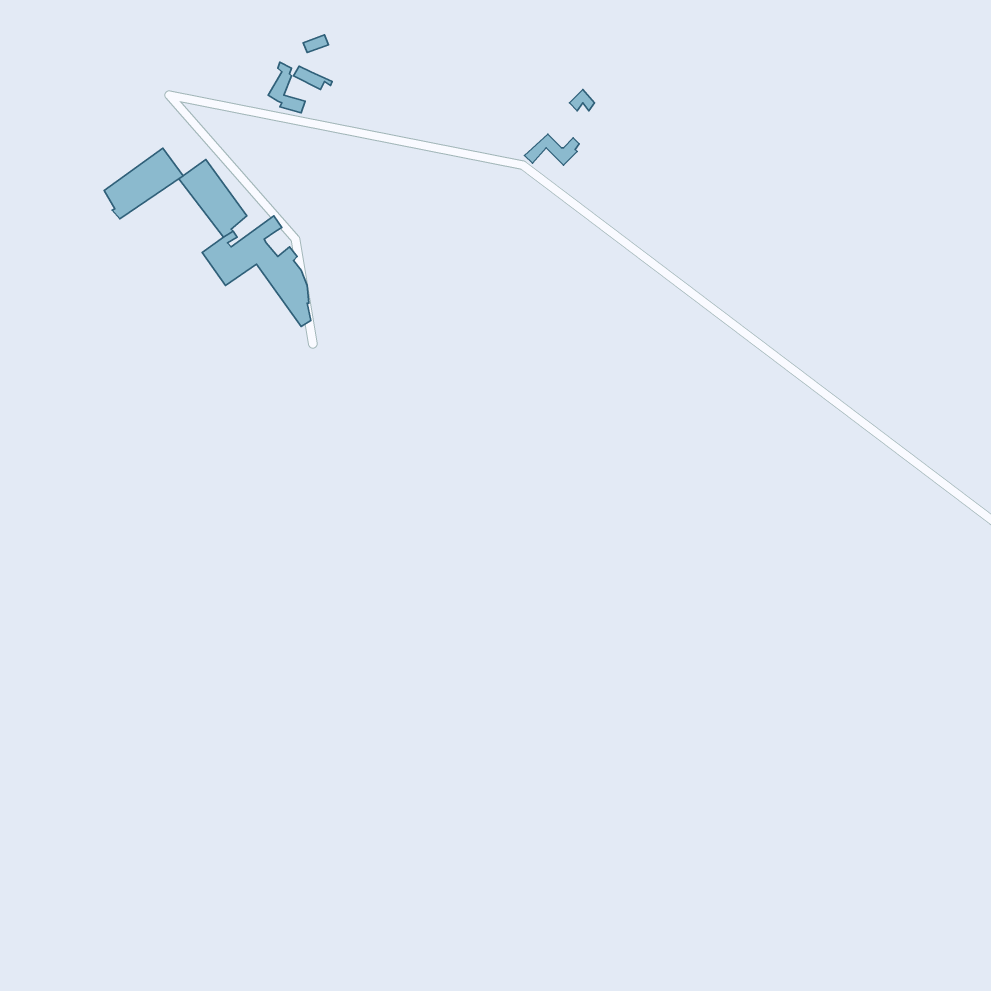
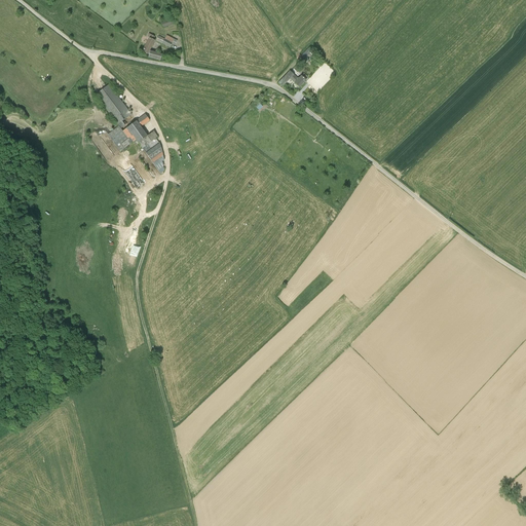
building: [104,148,183,219] -> none

